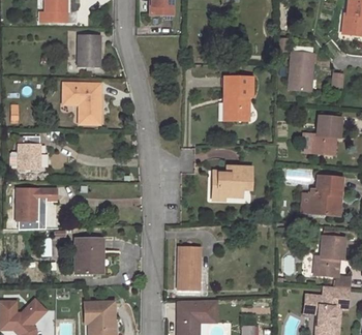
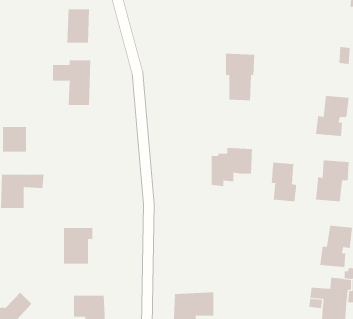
building: [288,53,313,91] -> none
building: none -> [271,162,297,202]
building: [177,247,200,290] -> none

